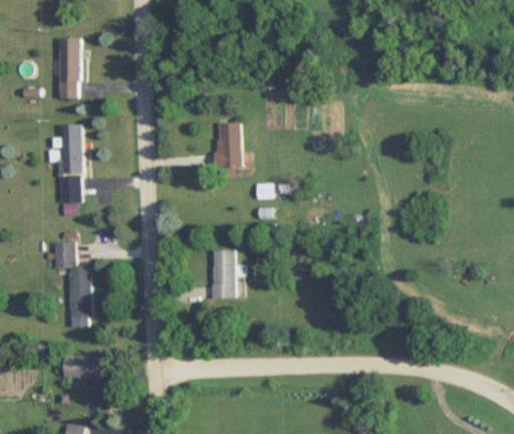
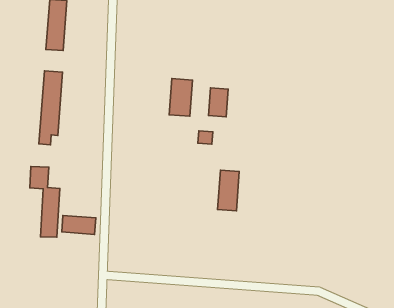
building: none -> [208,88,228,117]
building: [211,250,234,298] -> [217,170,239,211]
building: [63,357,103,377] -> [62,215,96,234]

